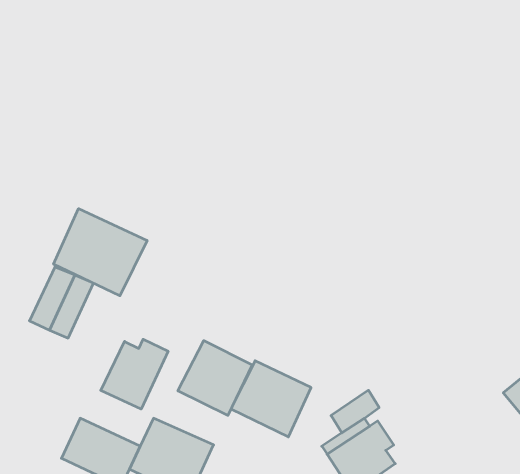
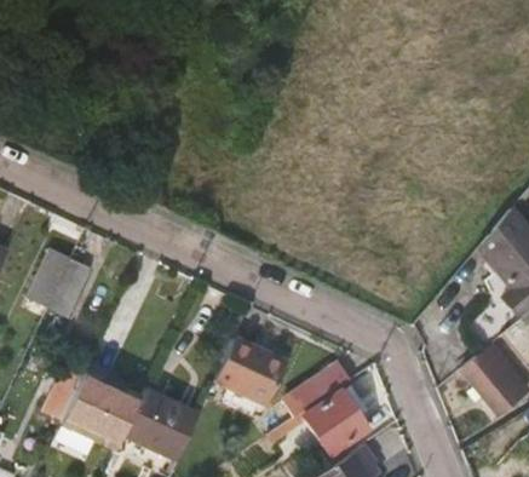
building: [54,209,147,296] -> none
building: [101,339,168,409] -> none
building: [178,341,252,415] -> none

